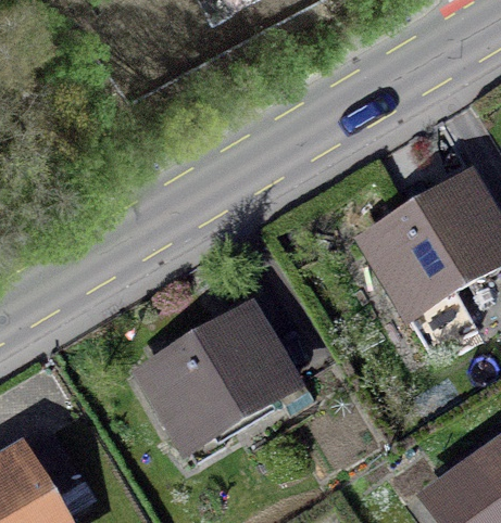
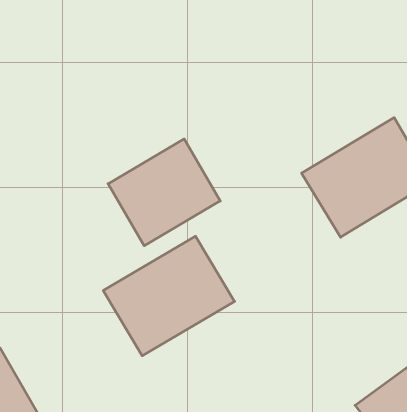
building: none -> [108,139,220,246]

